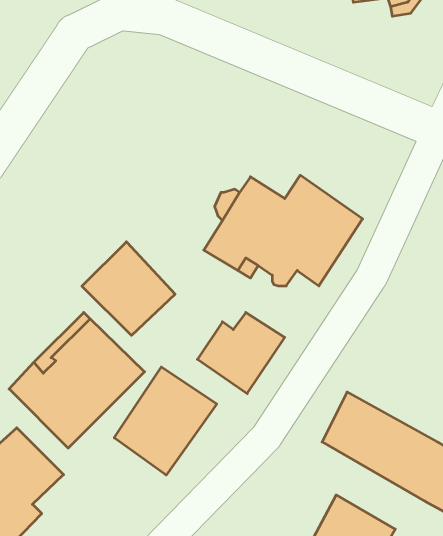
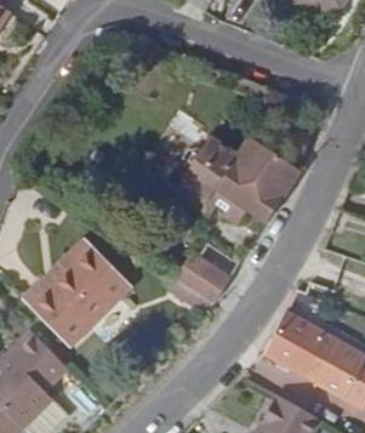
building: [82,242,175,335] -> none
building: [114,367,217,475] -> none

